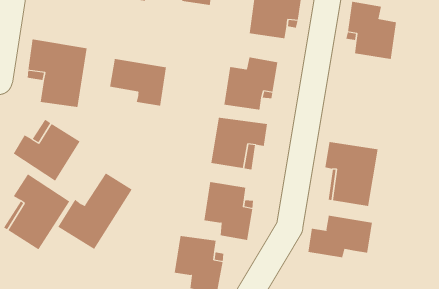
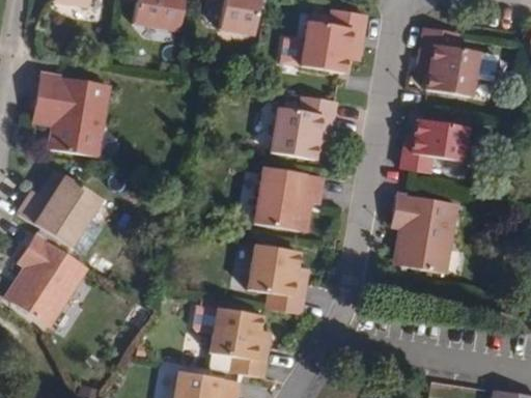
building: [110,58,167,106] -> none
building: none -> [400,118,466,171]
building: [58,172,132,250] -> none
building: [308,215,373,258] -> none

